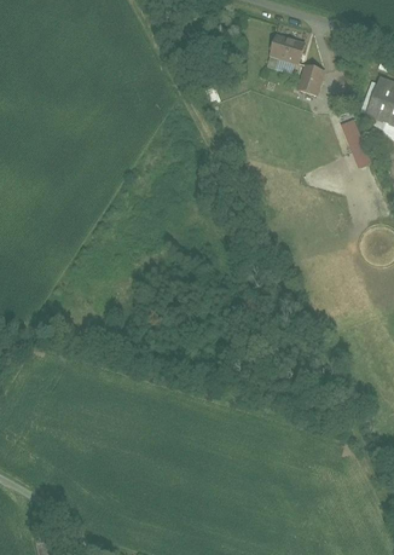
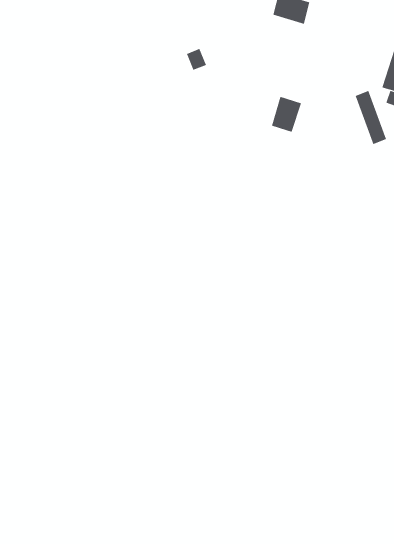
building: [296,63,323,94] -> [271,96,302,133]

